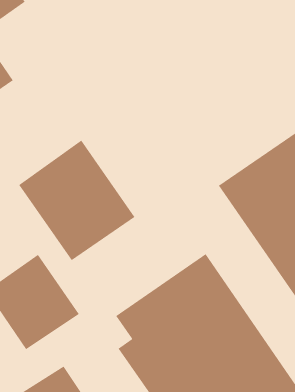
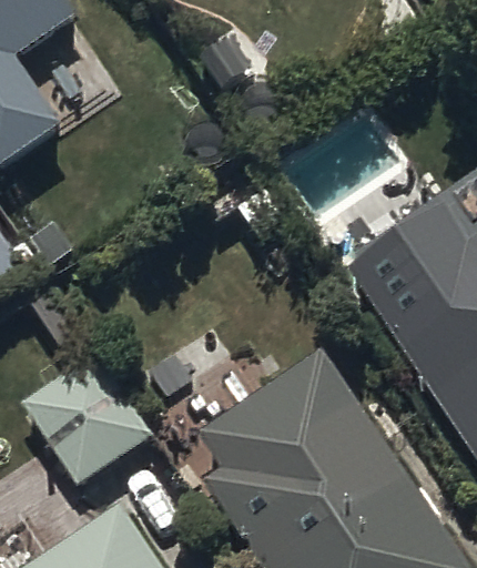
building: [18,139,135,261] -> none

